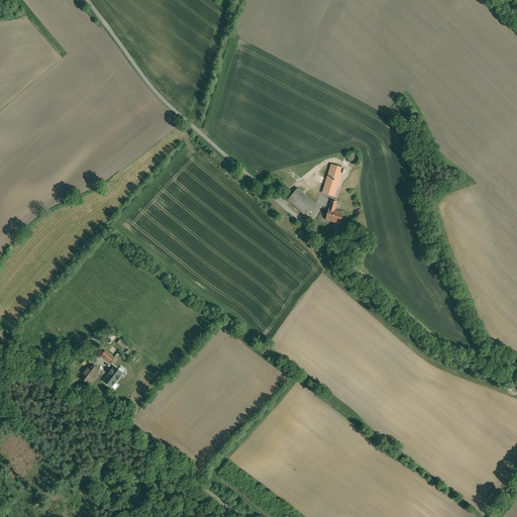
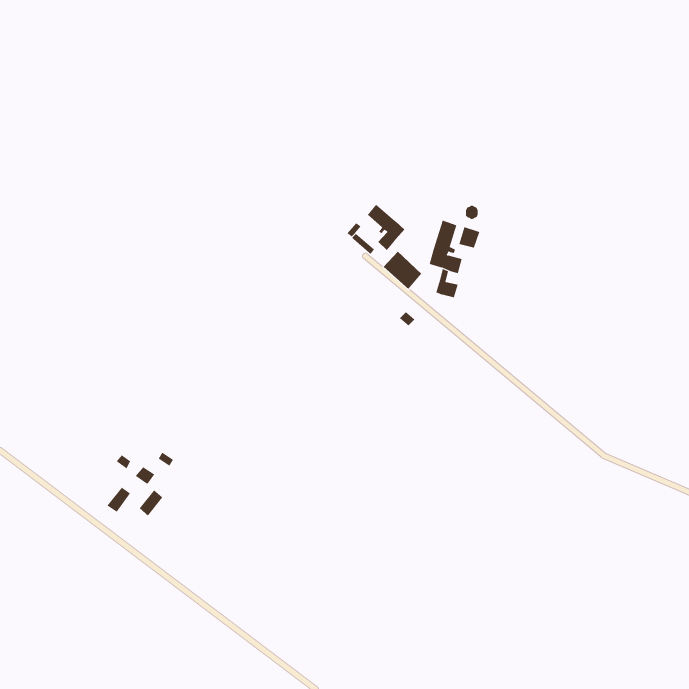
building: none -> [367,204,405,251]

